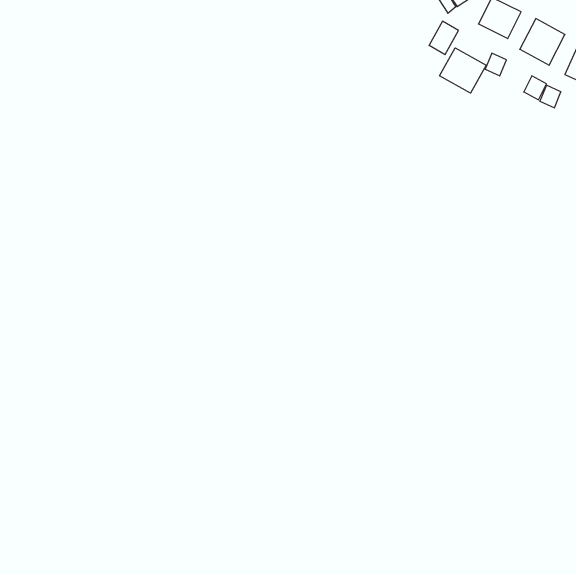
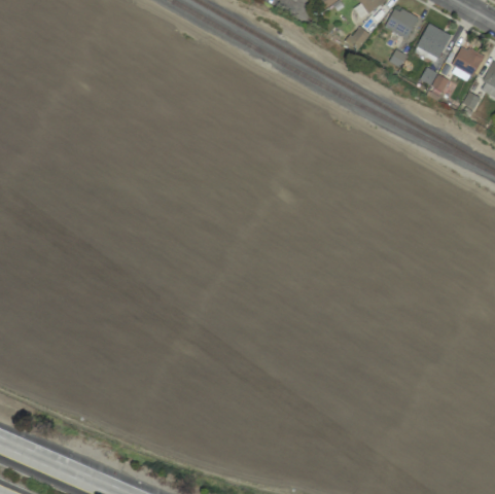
building: [440,48,486,93] -> none

